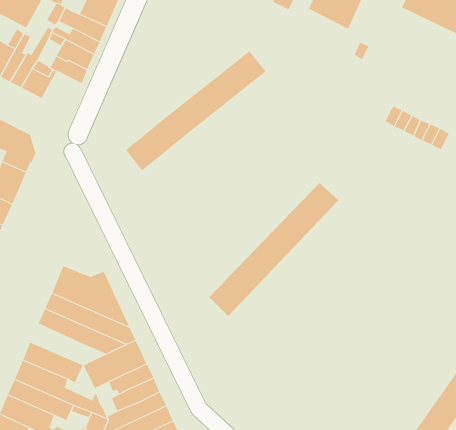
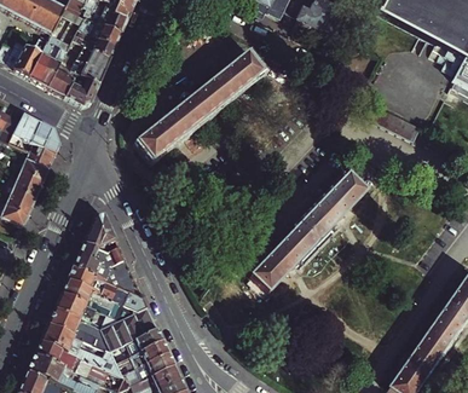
building: none -> [65,71,100,105]
building: [209,182,339,317] -> [252,174,365,291]
building: none -> [83,212,116,247]
building: none -> [54,291,121,328]

